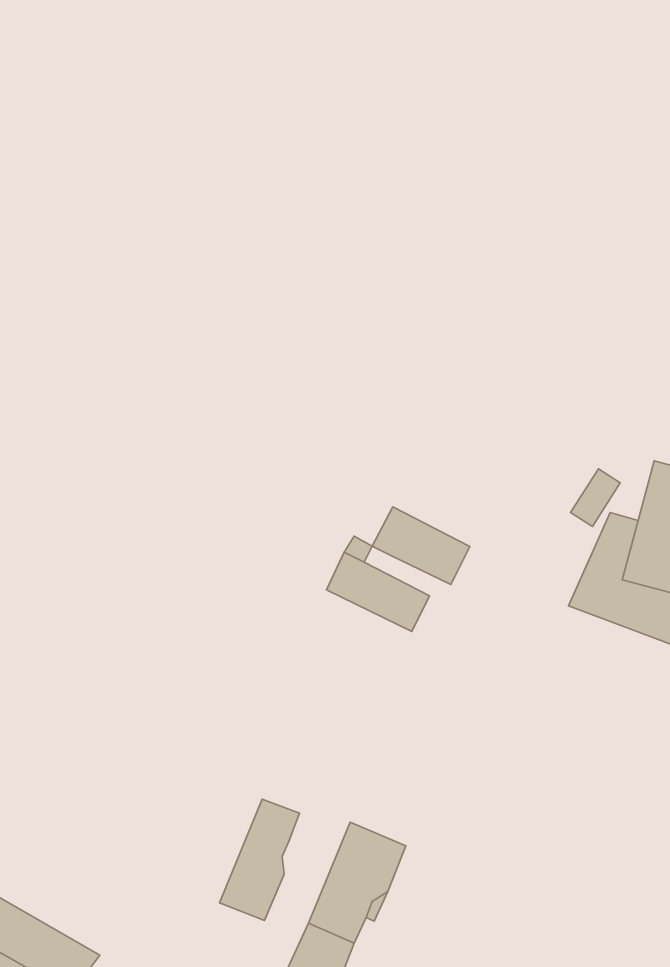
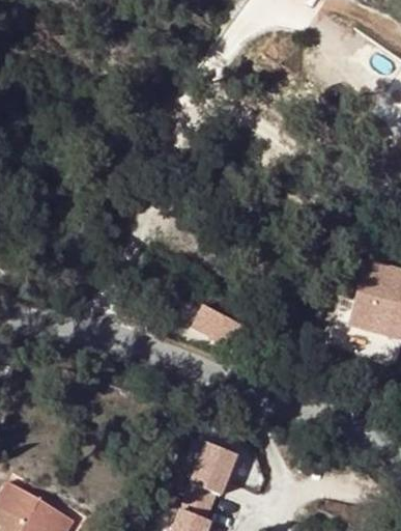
building: [372,507,470,584] -> none
building: [220,799,299,920] -> none

